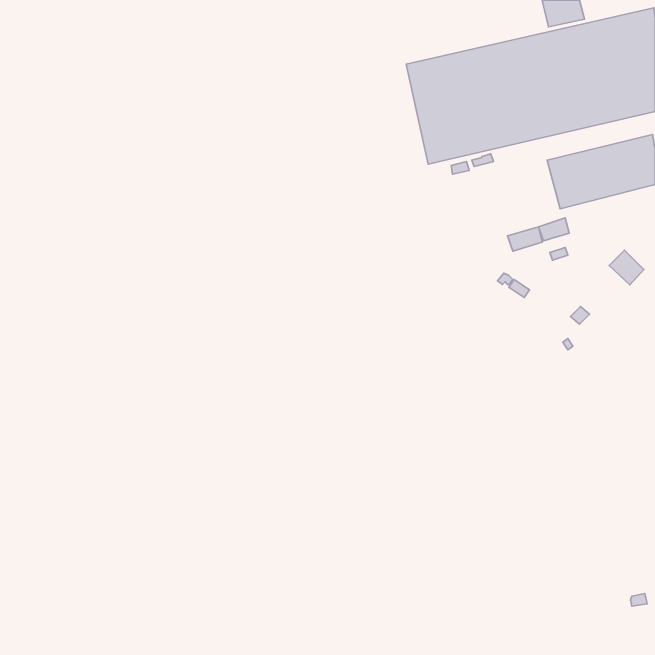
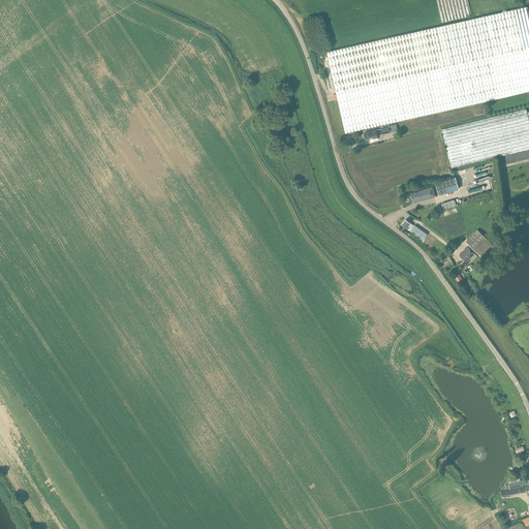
building: [609,250,644,285] -> [466,228,494,256]

